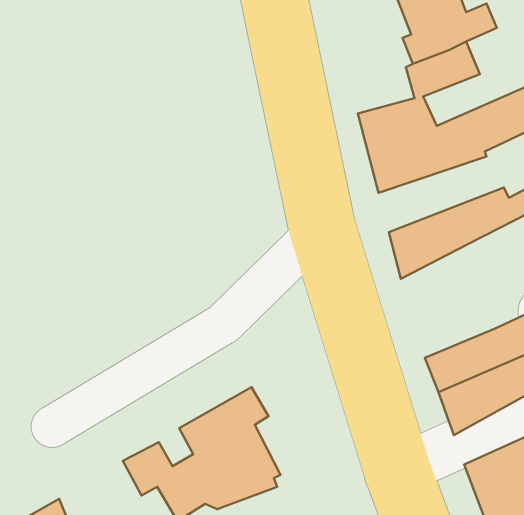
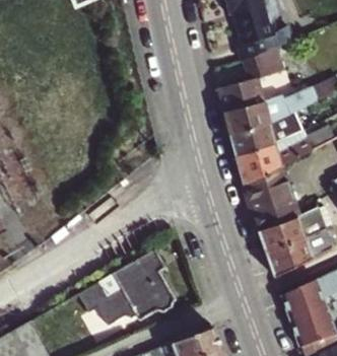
building: none -> [229,114,304,158]
building: none -> [243,165,298,232]

